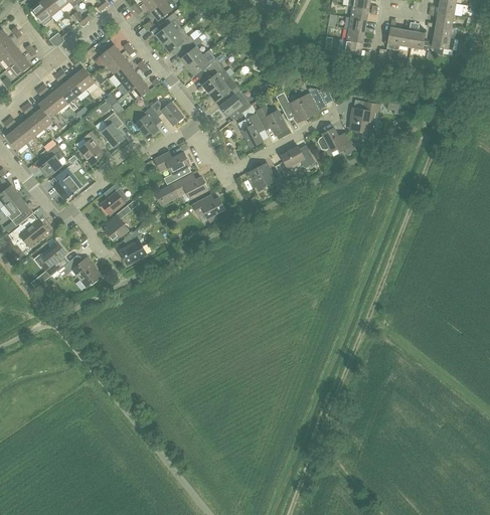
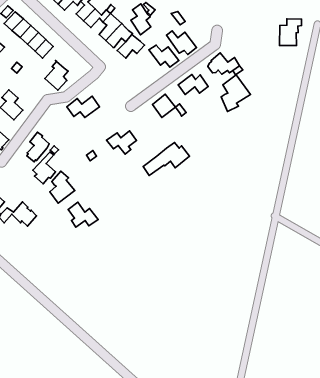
building: [298,87,326,116] -> none
building: [149,99,183,124] -> none
building: [350,101,379,132] -> [279,19,301,45]
building: [101,112,124,146] -> none
building: [240,113,263,147] -> [131,4,151,35]
building: none -> [221,75,250,112]
building: [154,170,207,202] -> [143,142,190,176]
building: none -> [68,202,98,227]

